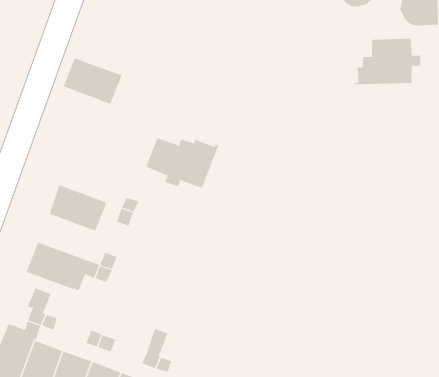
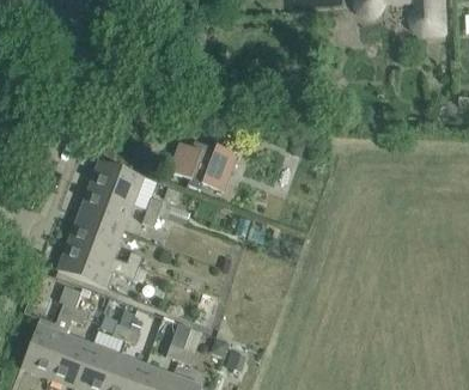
building: [354,38,421,85] -> none
building: [63,57,122,104] -> [87,158,144,202]
building: none -> [67,213,122,256]

